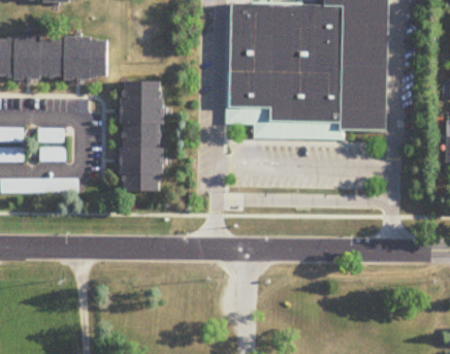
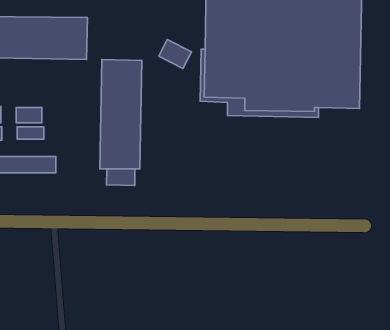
building: none -> [159,40,191,68]
building: none -> [107,169,135,185]

